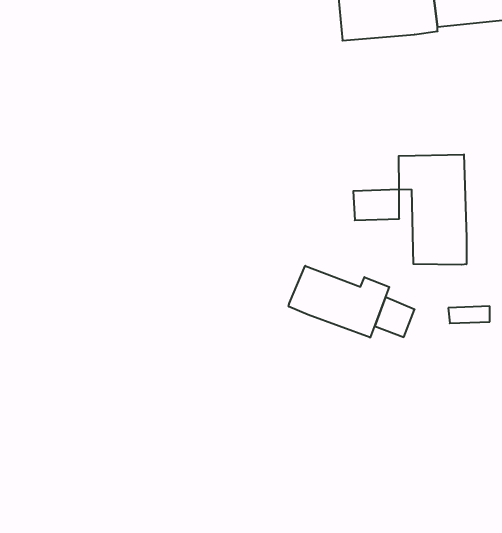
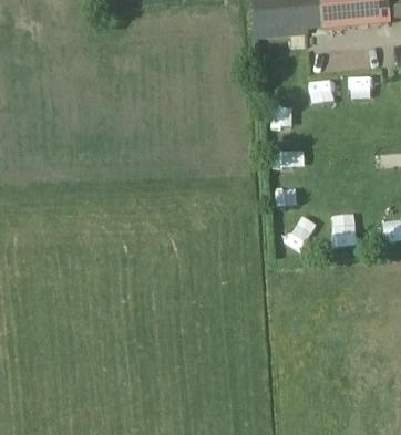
building: [399,154,467,265] -> none
building: [289,266,389,338] -> none

